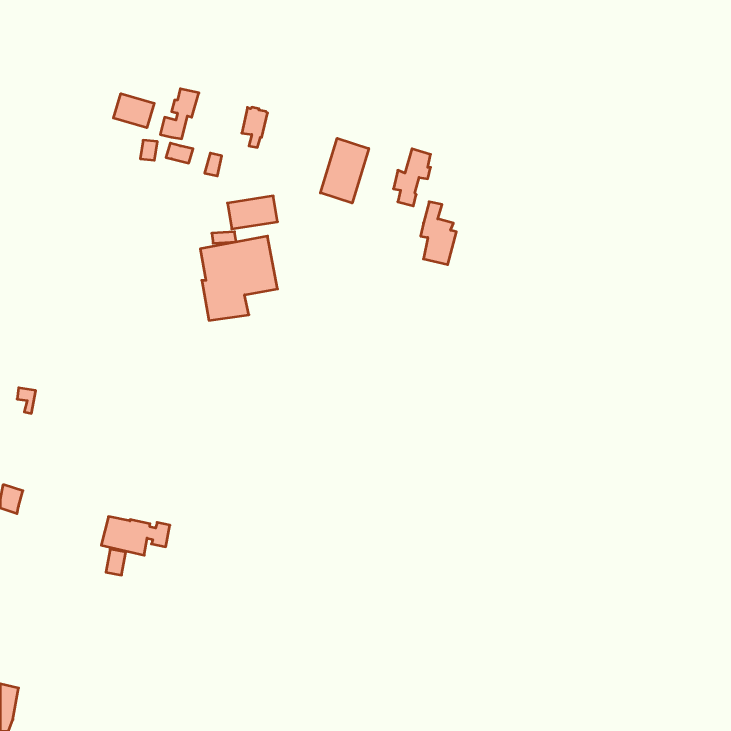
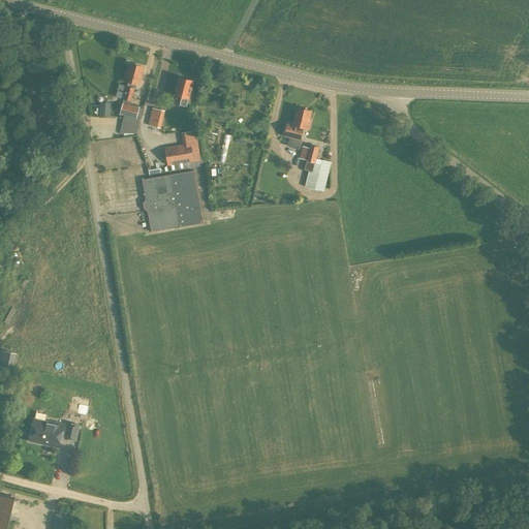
building: [113,94,154,128] -> none
building: [320,138,369,203] -> none
building: [101,517,170,555] -> [29,419,79,447]

